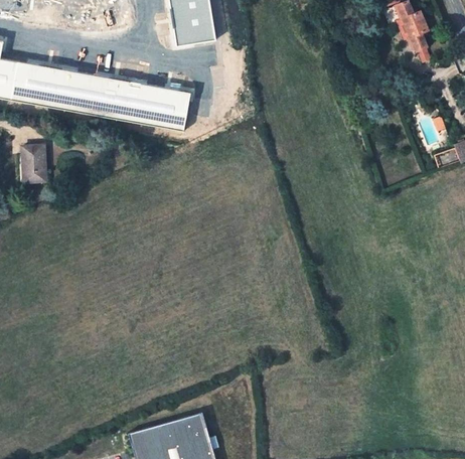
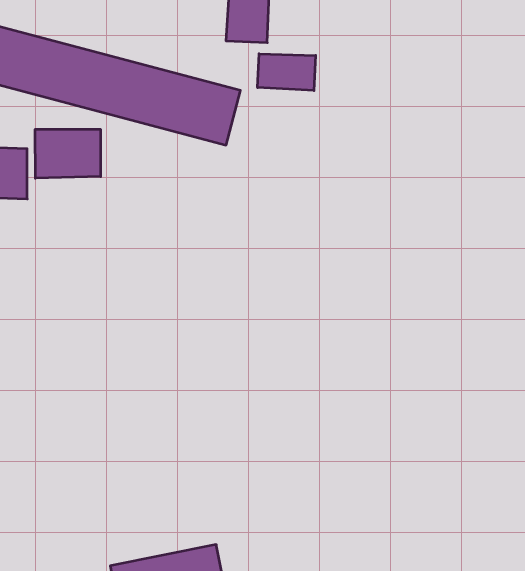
building: none -> [258,54,316,91]
building: none -> [35,129,101,178]

